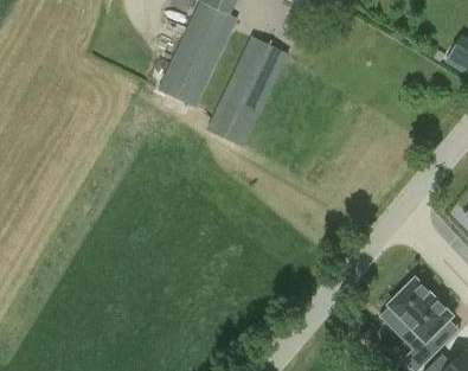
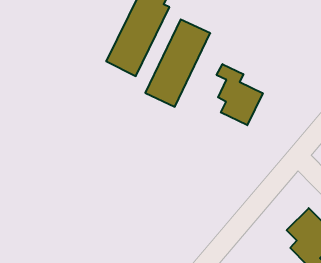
building: none -> [217,64,263,125]

